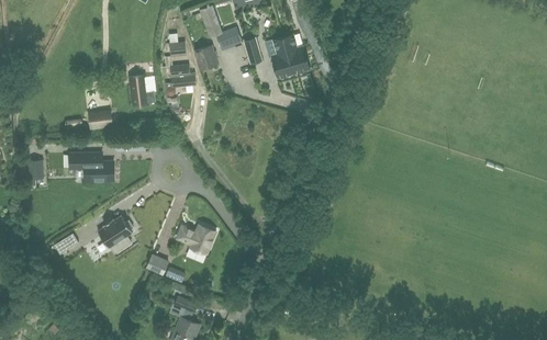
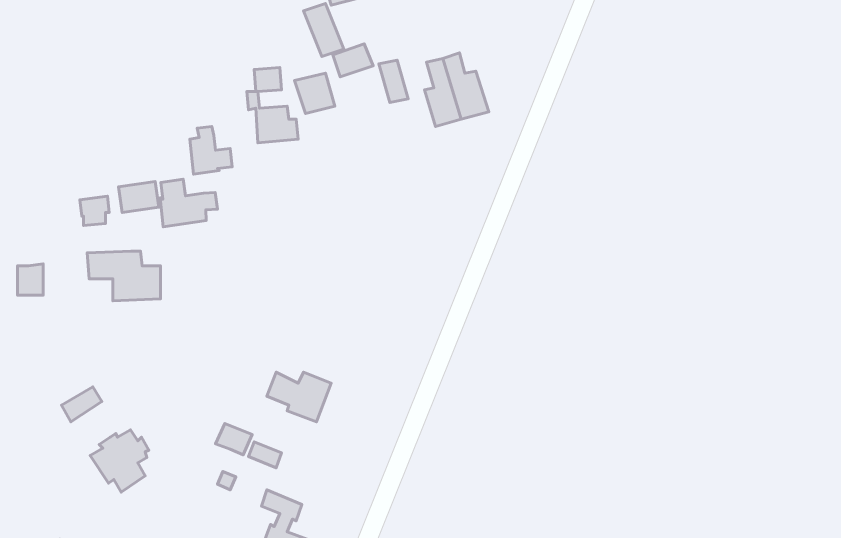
building: none -> [160,179,217,227]
building: [98,216,133,253] -> [90,430,149,492]

